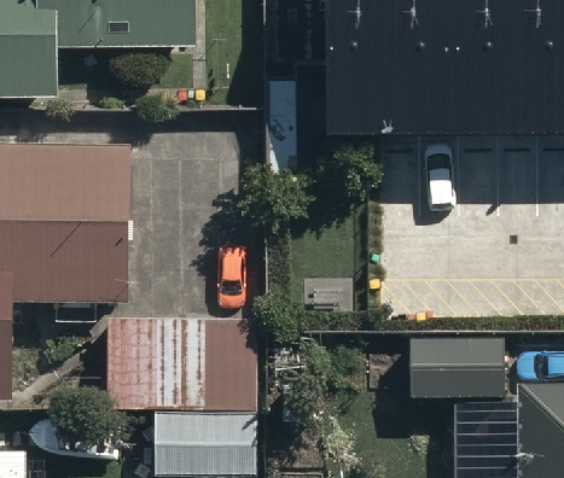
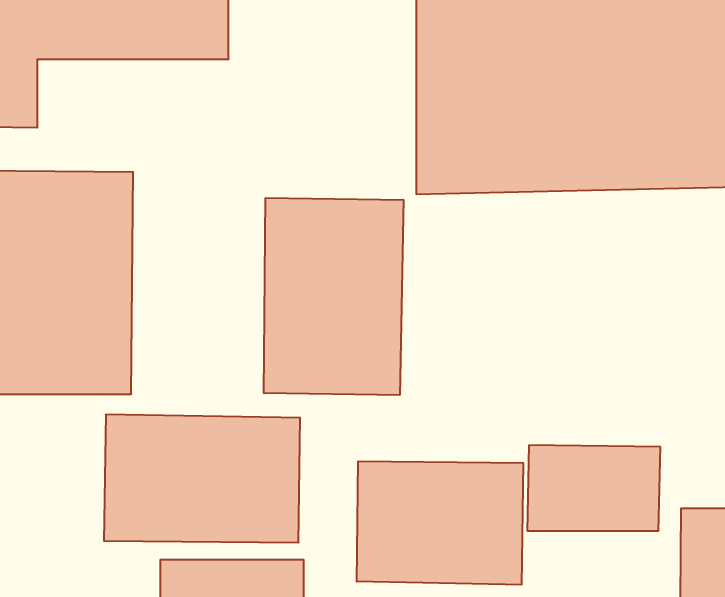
building: none -> [264,198,403,395]
building: none -> [357,461,523,585]

